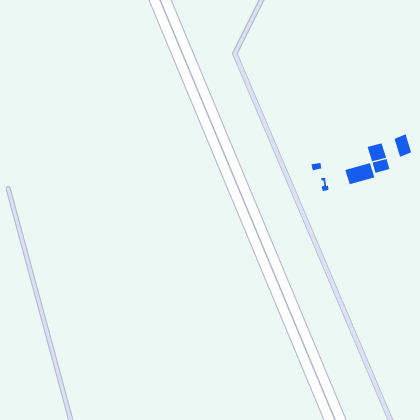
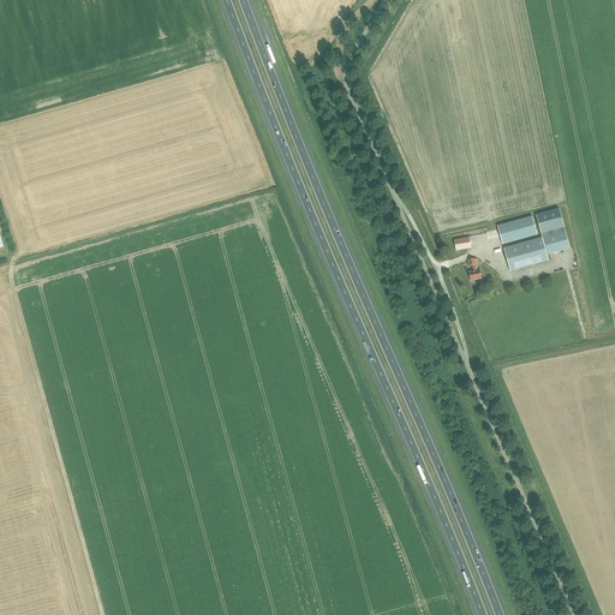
building: [393,133,412,158] -> none
building: none -> [496,215,536,244]

